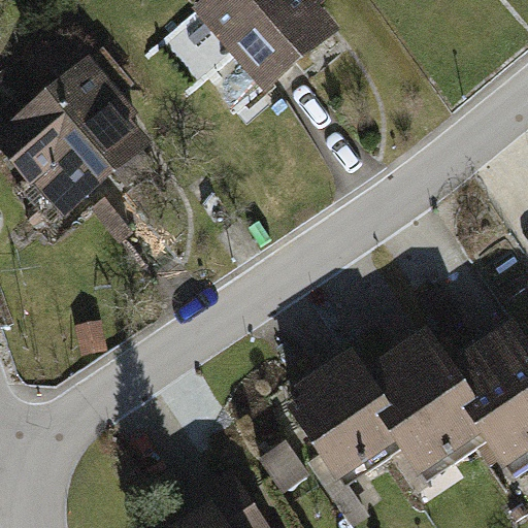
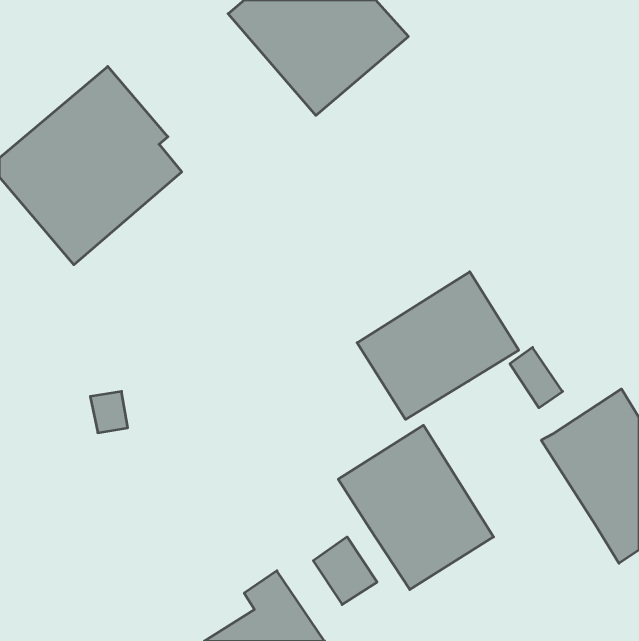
building: none -> [357,272,519,419]
building: [361,329,490,471] -> none

